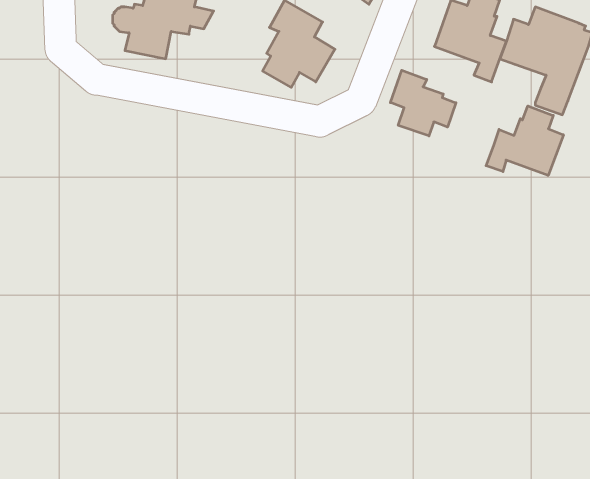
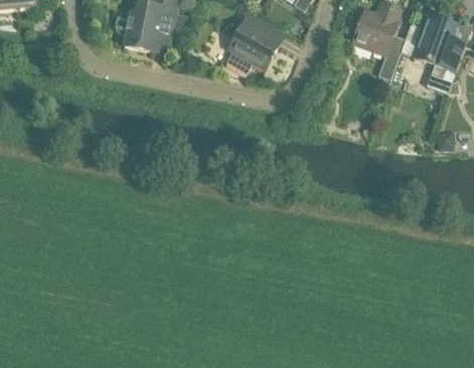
building: [390,70,456,136] -> none
building: [486,106,563,175] -> none

